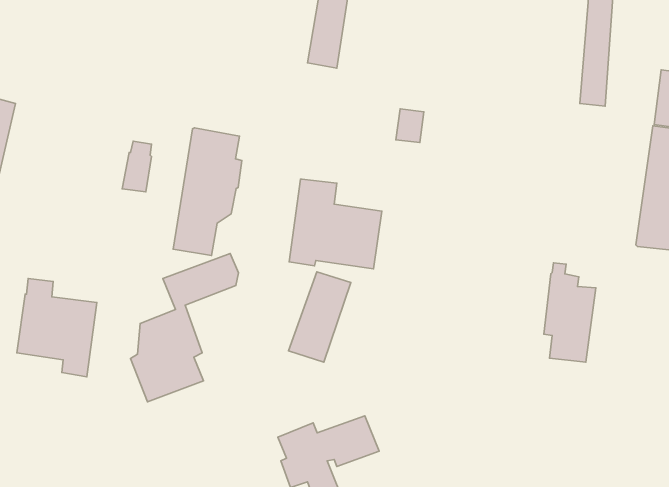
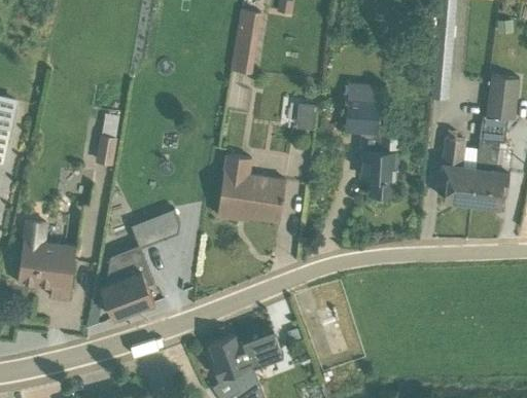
building: none -> [344,83,399,197]
building: [173,128,242,256] -> none
building: [544,263,596,362] -> [441,131,479,204]
building: [288,272,351,362] -> none

